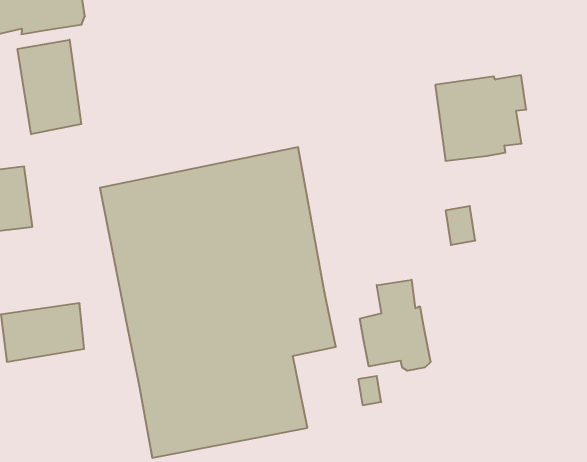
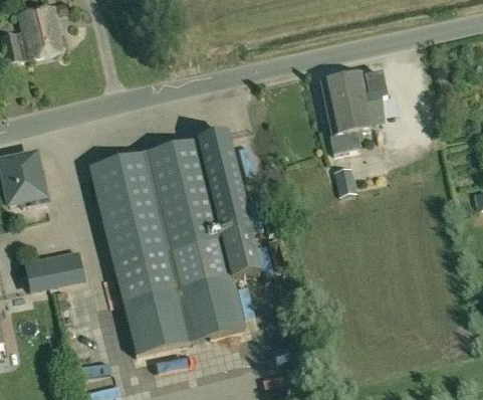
building: [18,40,81,134] -> none
building: none -> [330,129,364,152]
building: [360,280,431,371] -> none

